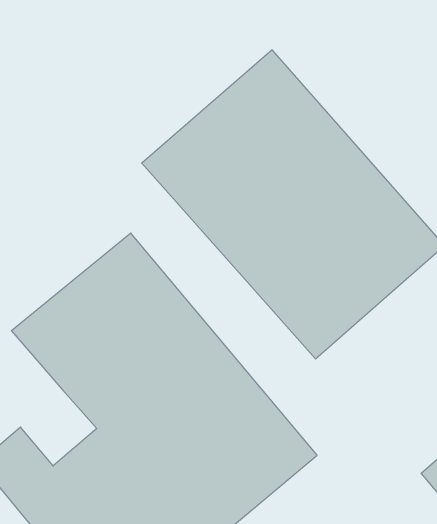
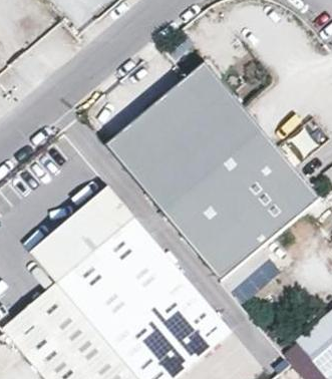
building: none -> [37,289,86,338]

